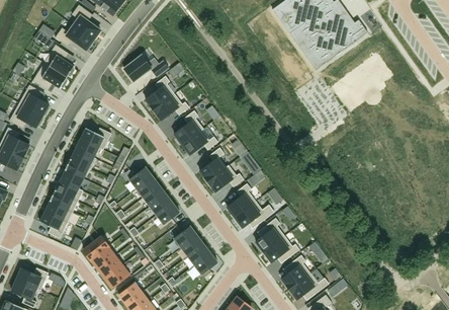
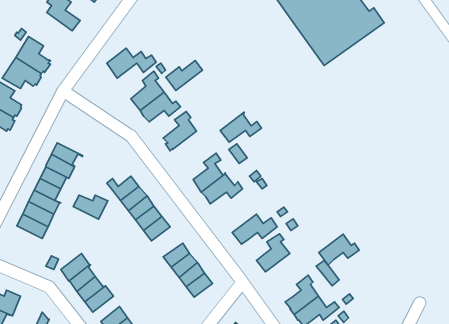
building: [55,23,93,50] -> none
building: none -> [166,61,202,90]
building: [80,128,110,149] -> [73,195,108,219]
building: [181,128,217,154] -> [220,112,261,142]
building: [226,182,255,217] -> none
building: [38,211,67,238] -> none
building: [263,235,298,262] -> [319,234,359,265]

